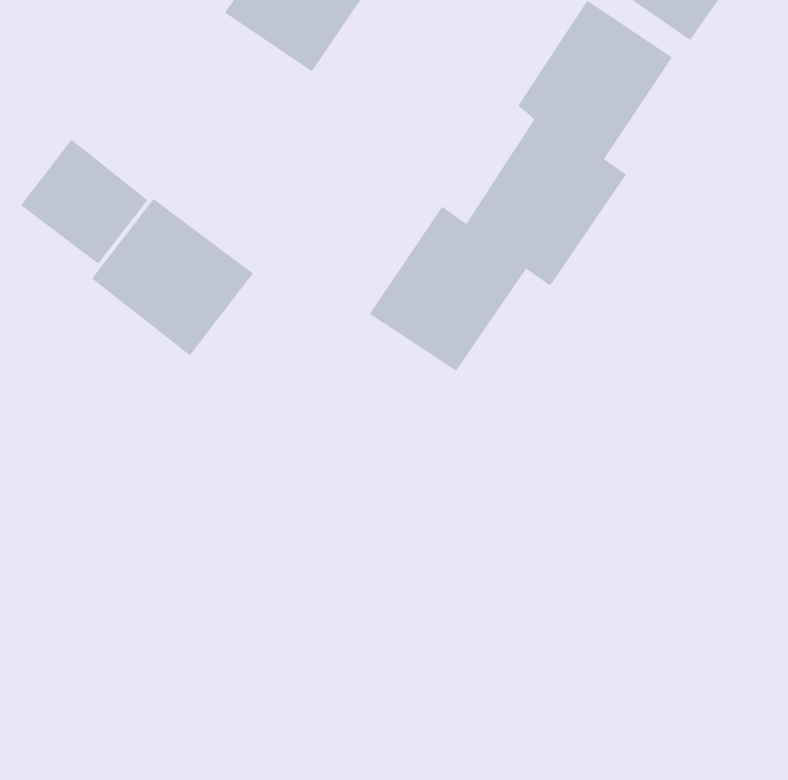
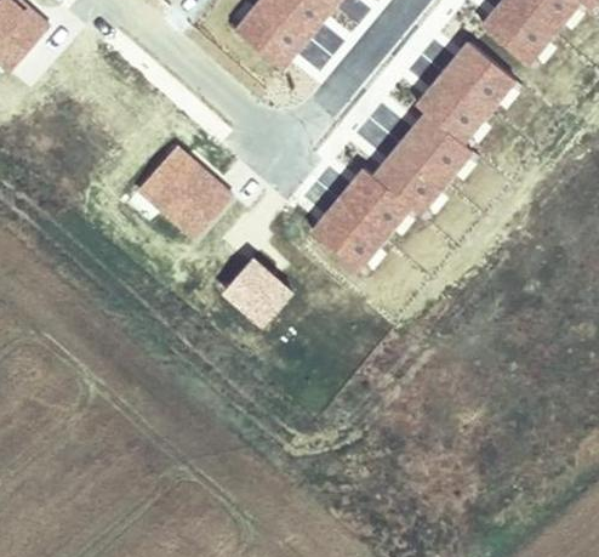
building: [20,139,148,264] -> none
building: none -> [222,254,298,329]

